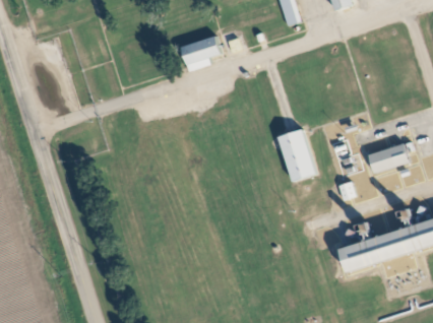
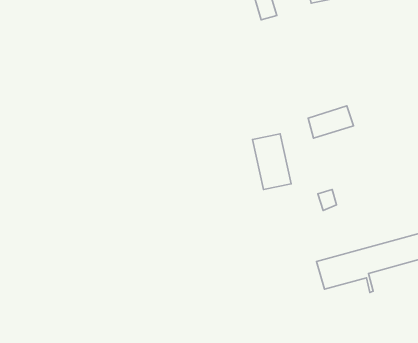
building: [180,34,221,71] -> none
building: [368,142,410,172] -> [308,106,353,138]

